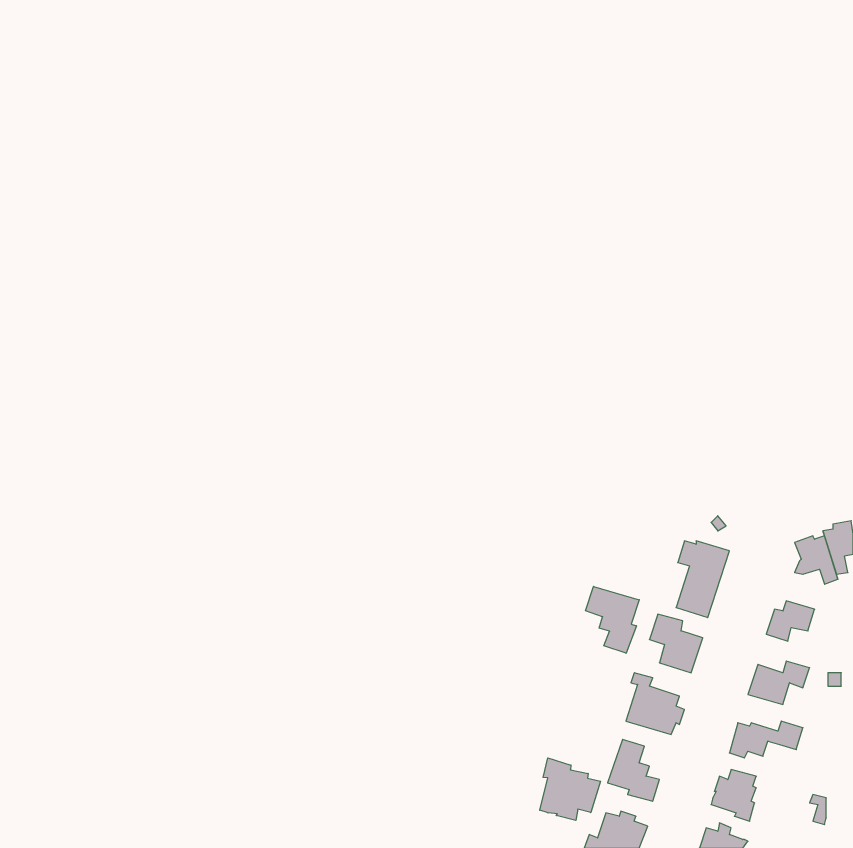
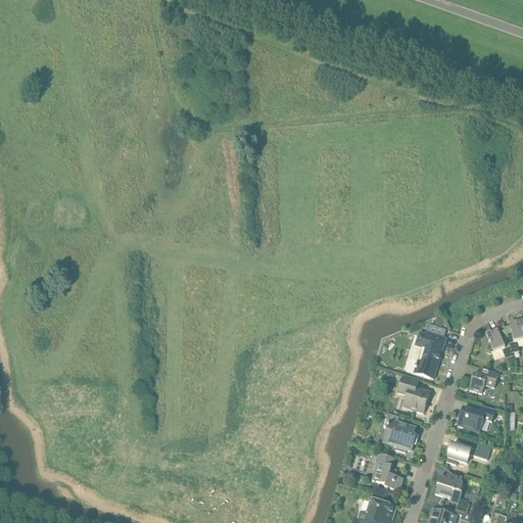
building: [586,586,639,653] -> none
building: [540,758,601,820] -> none

